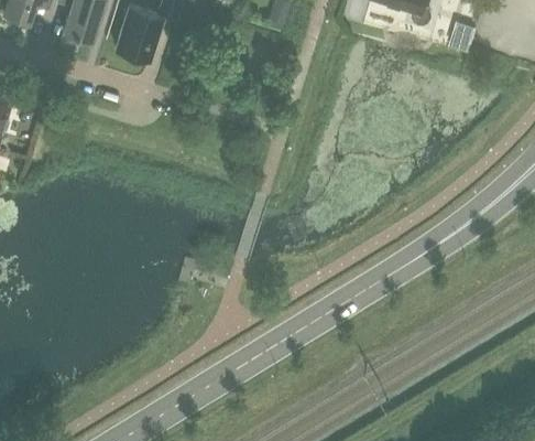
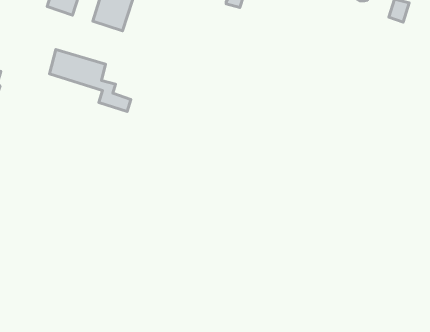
building: none -> [49,49,131,111]

